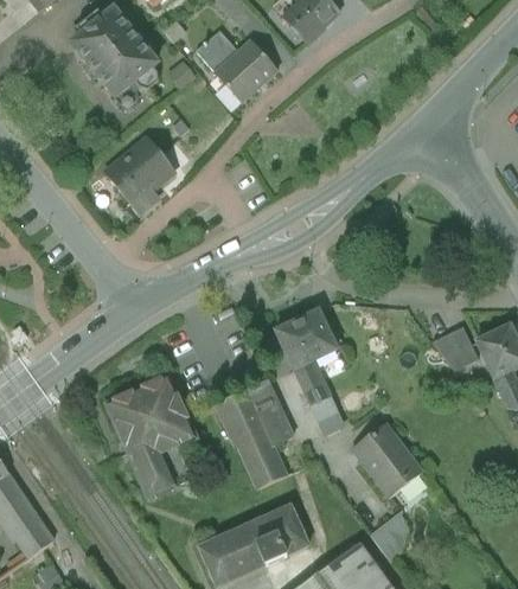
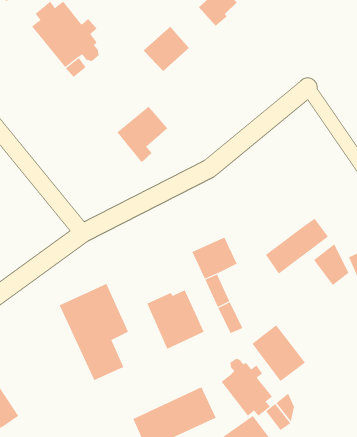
building: [193,28,238,73] -> none
building: [105,139,172,212] -> [117,106,168,163]
building: none -> [265,218,329,274]
building: [244,446,283,486] -> none
building: none -> [221,358,273,417]

